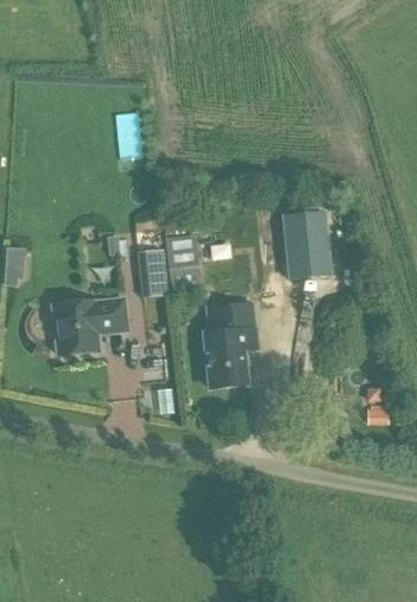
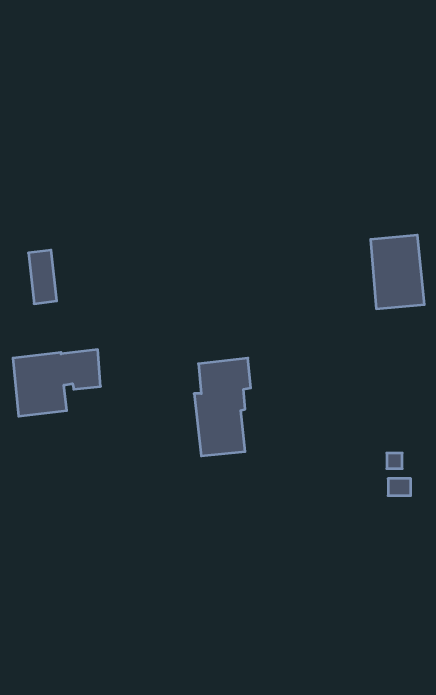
building: [276,211,321,272] -> [371,235,424,309]
building: [145,250,169,295] -> [28,250,57,304]

